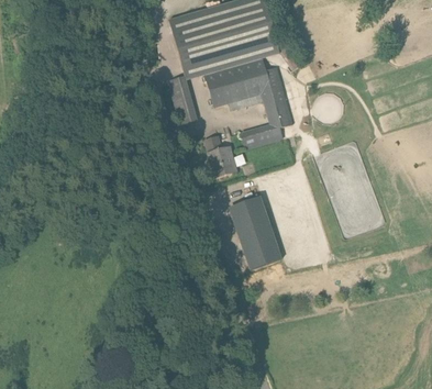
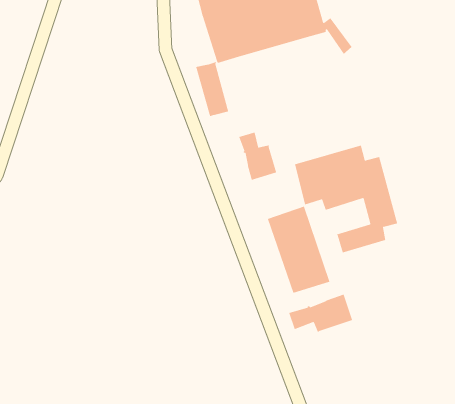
building: [204,55,292,147] -> [294,144,398,254]
building: none -> [288,293,353,333]

